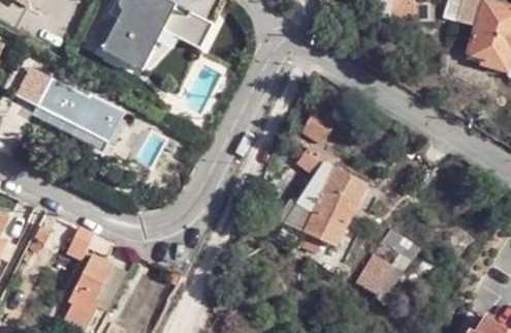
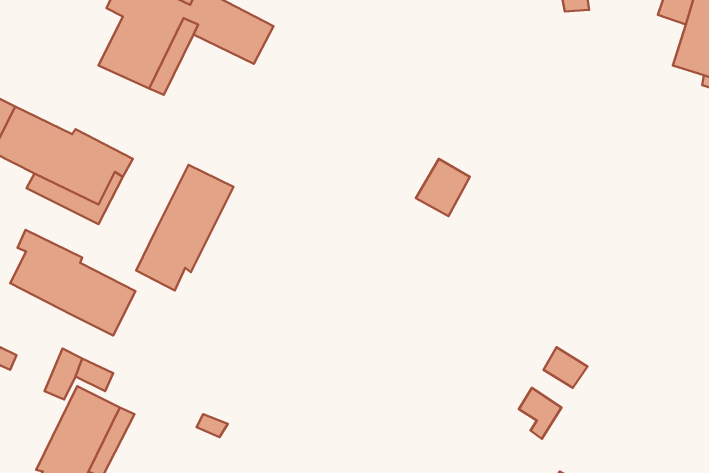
building: none -> [136,165,233,290]
building: none -> [10,230,135,336]
building: [286,163,362,248] -> none

